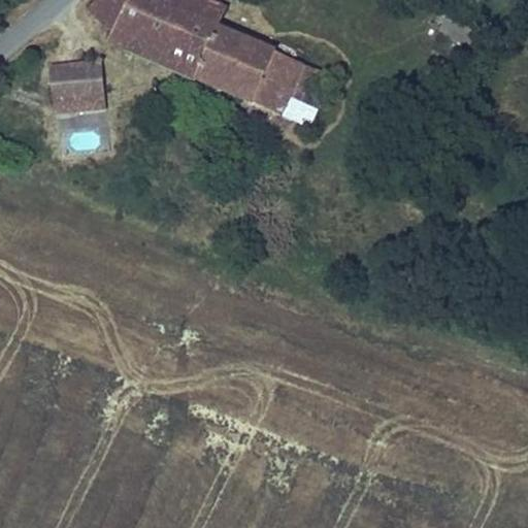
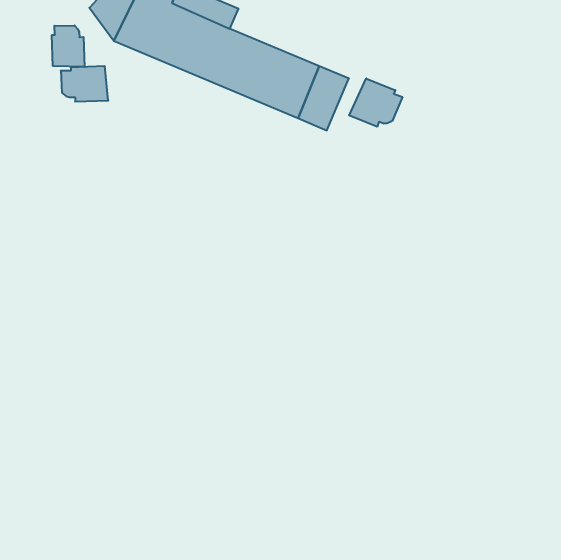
building: none -> [52,25,84,67]
building: none -> [349,78,402,127]

